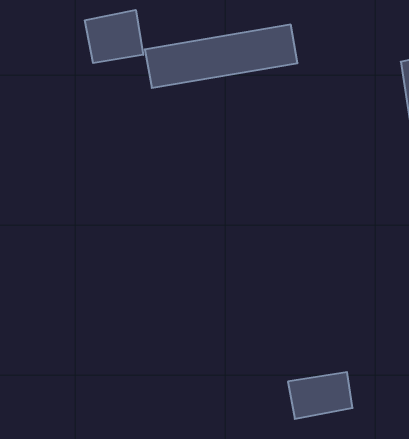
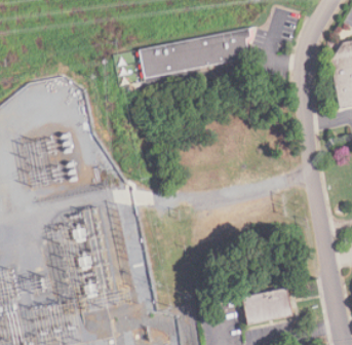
building: [85,10,143,63] -> none

